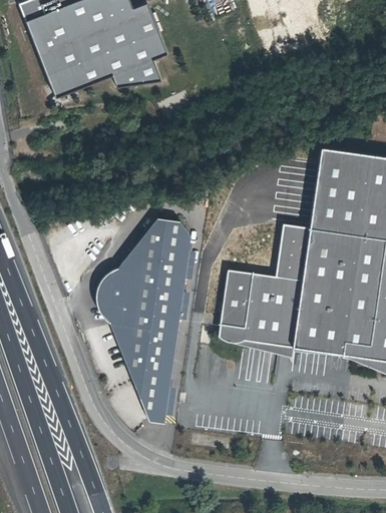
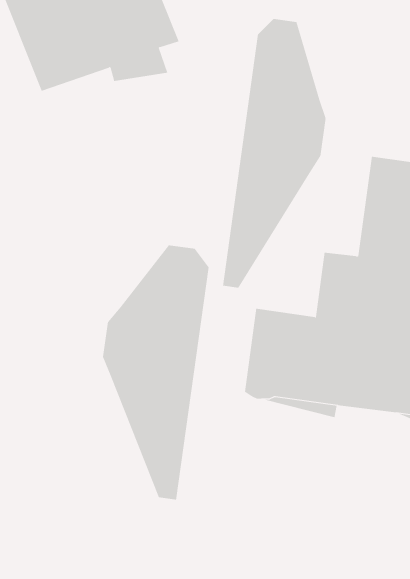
building: none -> [223,18,326,288]
building: [96,268,118,323] -> none

